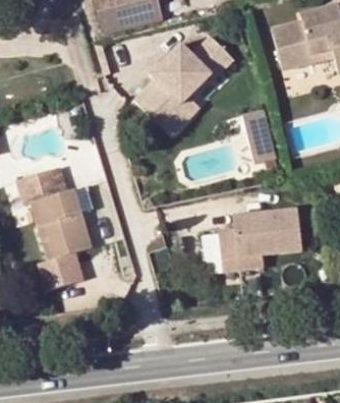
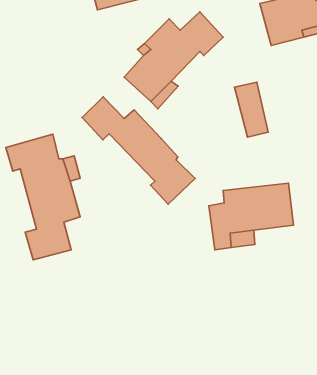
building: none -> [82,97,195,204]

